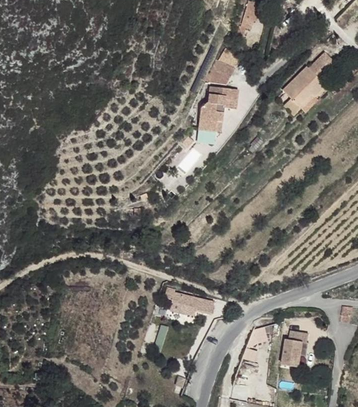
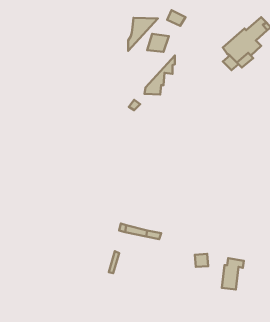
building: [194,99,228,137] -> [128,18,158,51]

